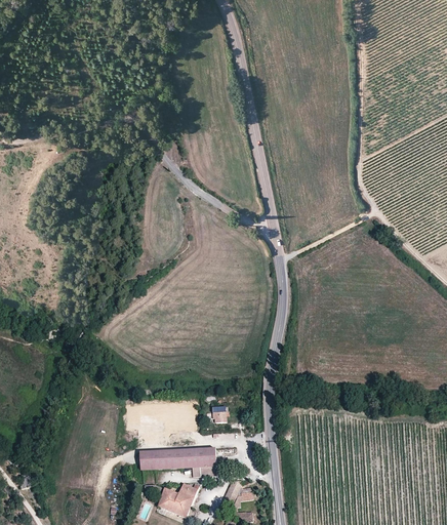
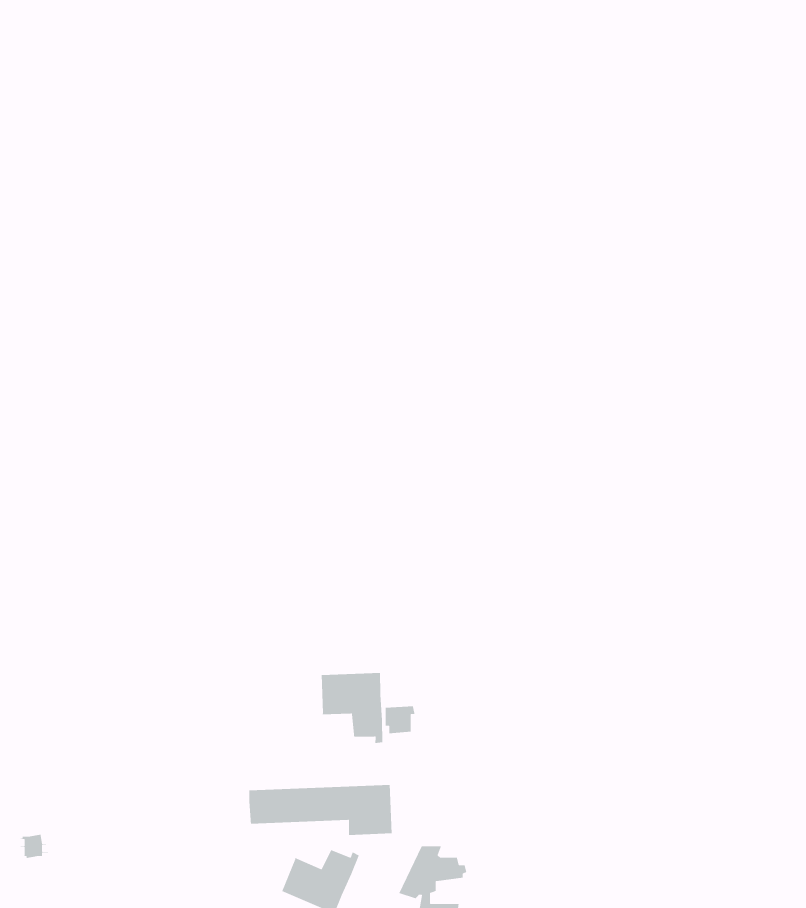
building: none -> [321,672,383,744]

